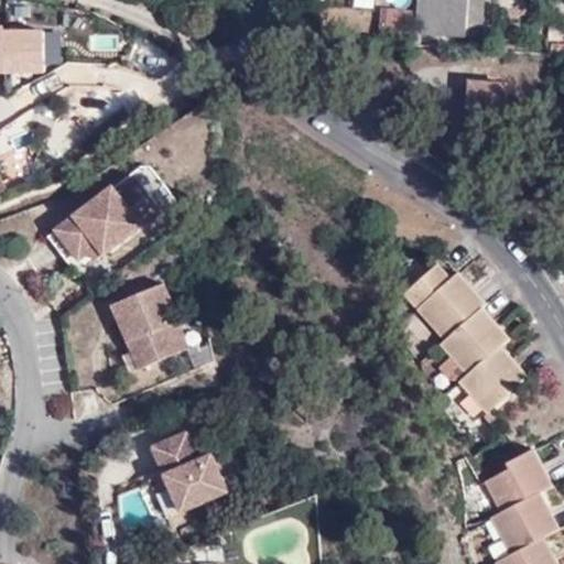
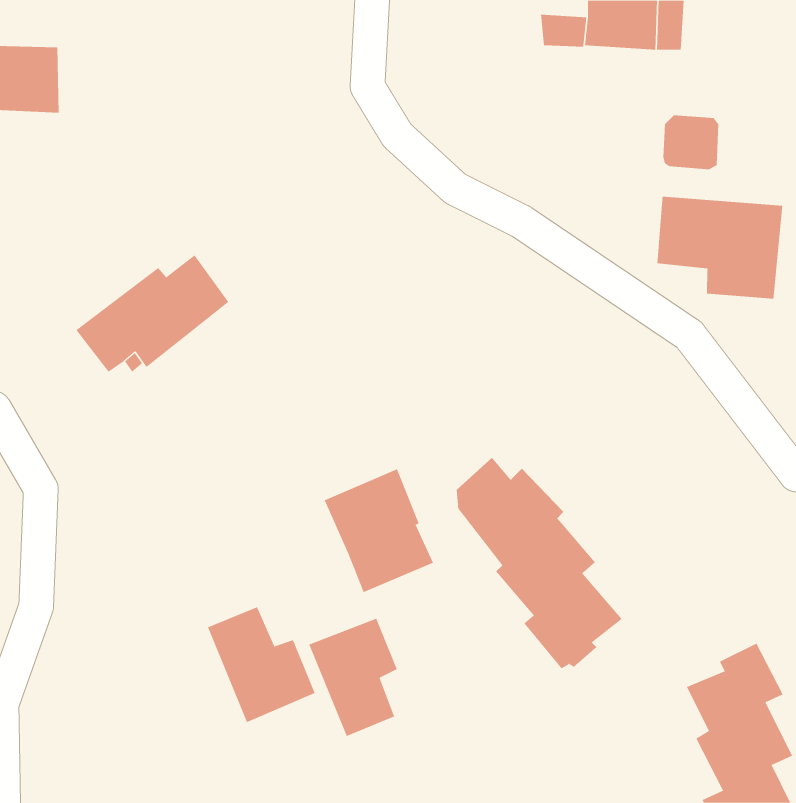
building: none -> [657,196,783,299]
building: [409,264,525,413] -> [456,457,622,669]
building: [108,278,185,365] -> [324,469,434,593]
building: none -> [309,618,397,737]

